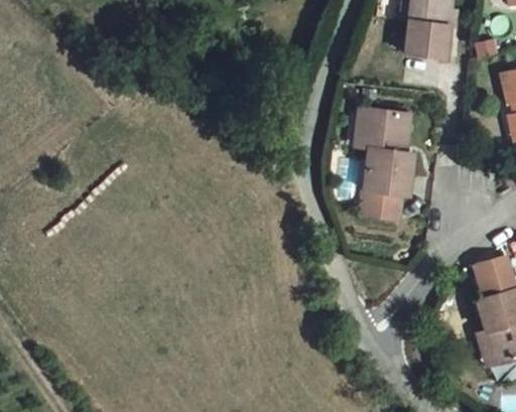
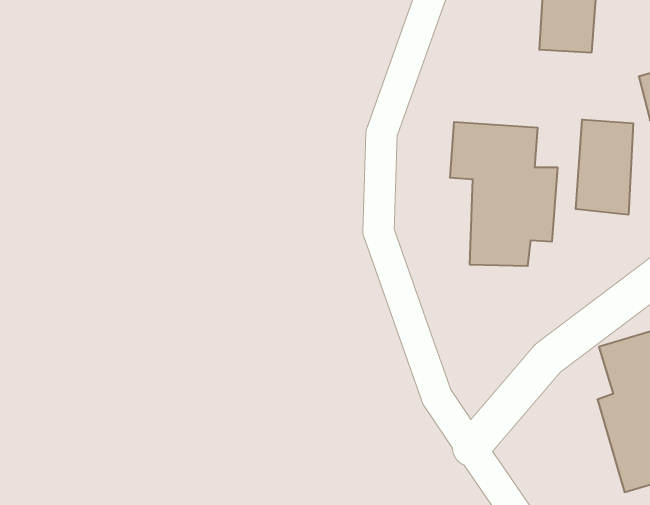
building: none -> [576,119,633,215]

